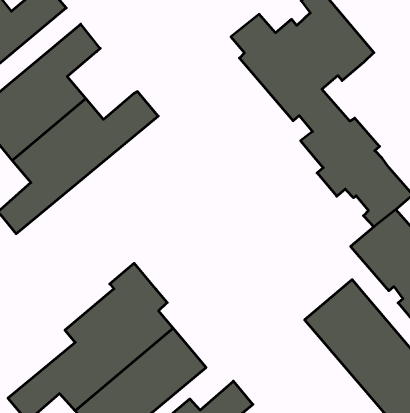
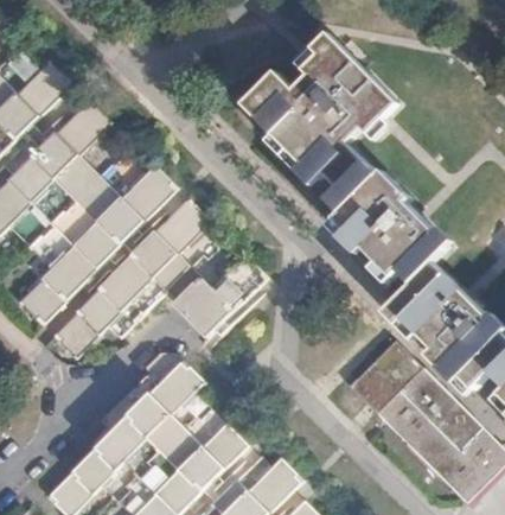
building: none -> [51,199,266,360]

